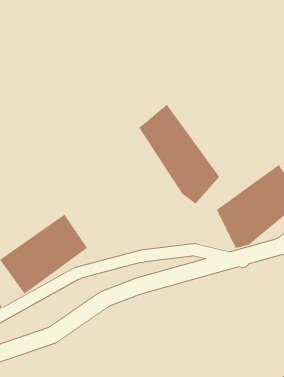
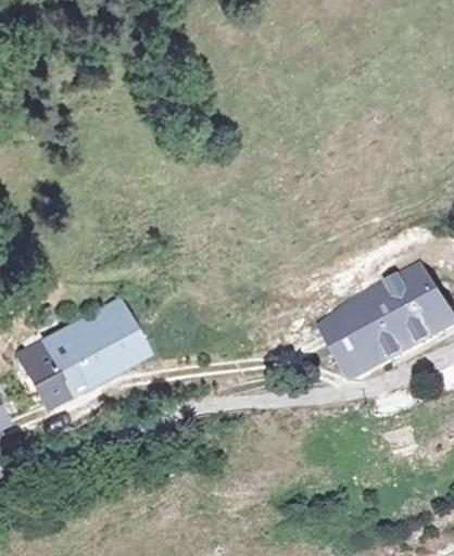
building: [139,104,220,205] -> none

